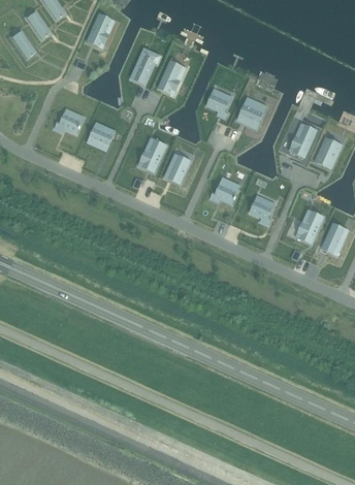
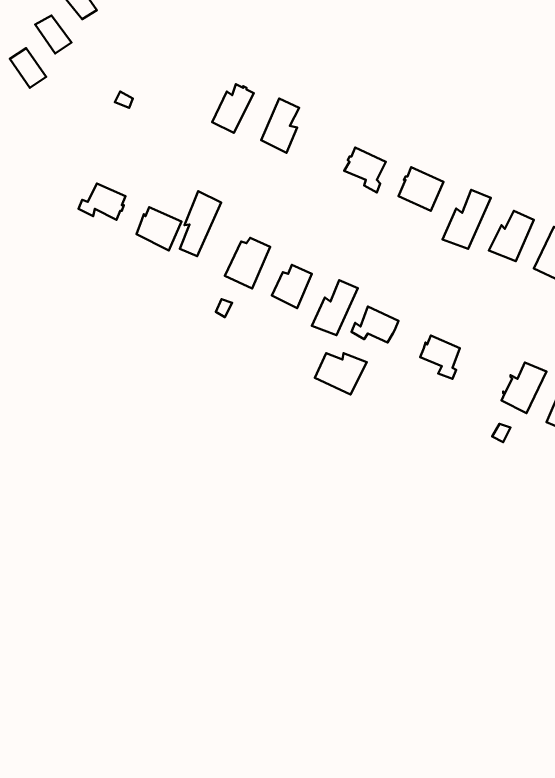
building: [87,15,109,45] -> none
building: none -> [442,190,491,249]
building: none -> [180,191,221,256]
building: none -> [312,280,358,335]
building: none -> [315,353,367,395]

